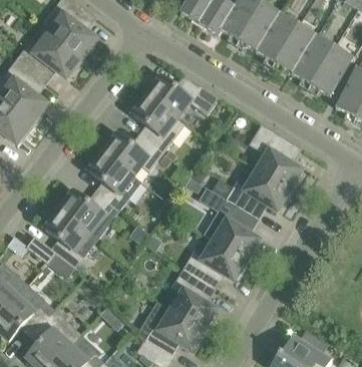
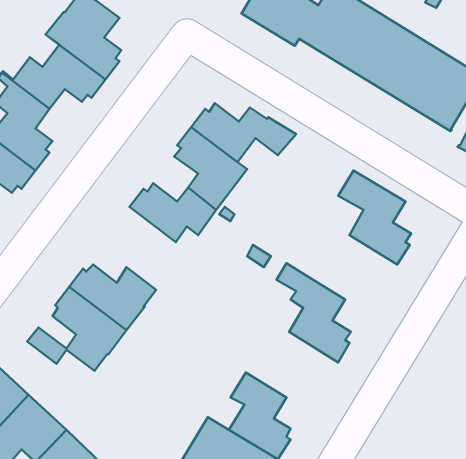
building: [89,149,141,209] -> none
building: [227,169,292,216] -> none
building: [184,239,250,286] -> none

